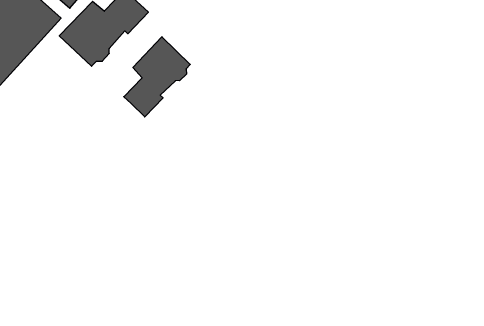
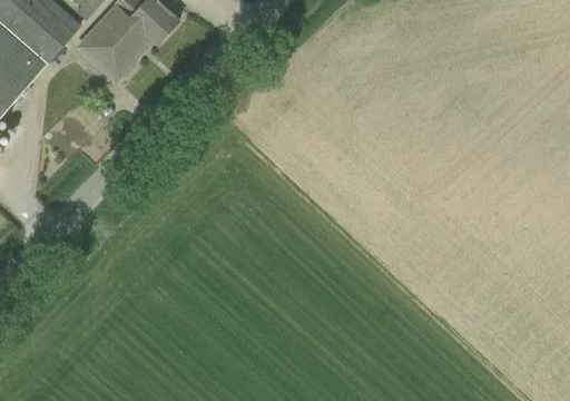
building: [124,37,190,117] -> none

